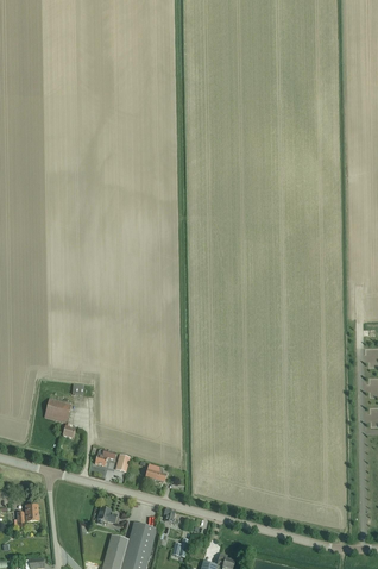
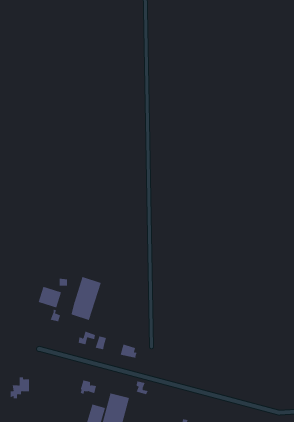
building: none -> [71,276,101,321]

